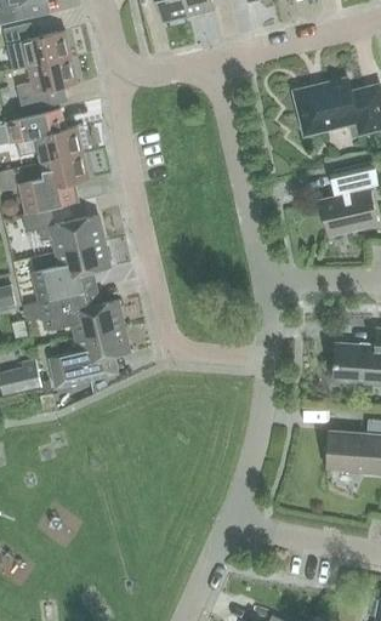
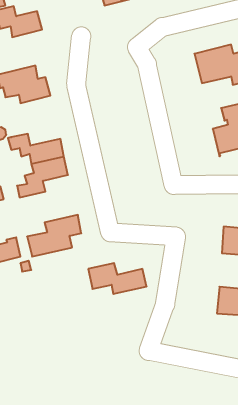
building: [16,57,78,113] -> none
building: [23,153,90,213] -> none
building: [39,292,124,337] -> [88,263,147,294]

